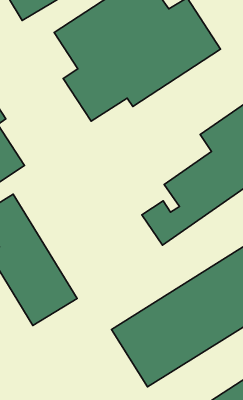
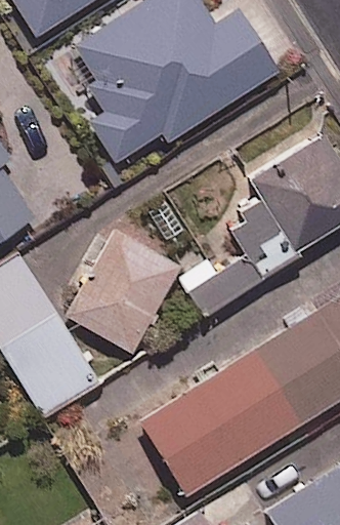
building: none -> [63,229,180,353]

